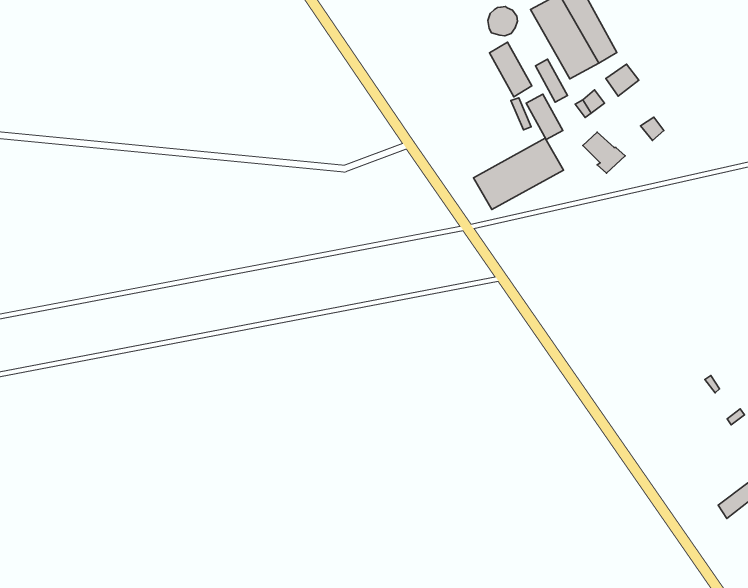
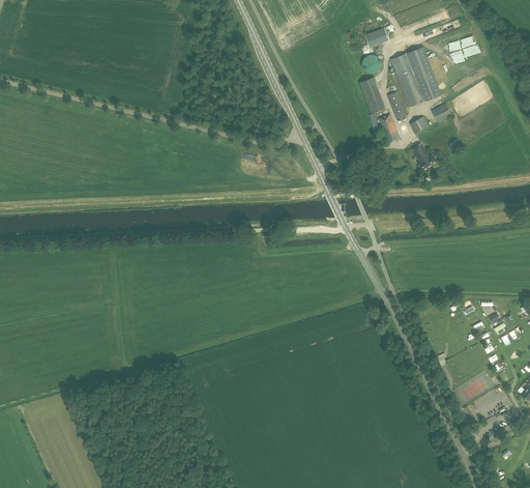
building: [474,138,564,210] -> none

